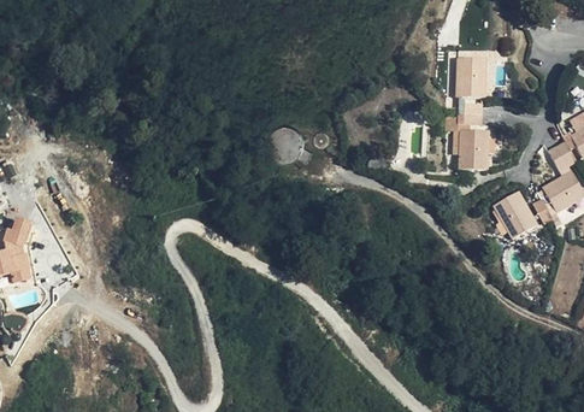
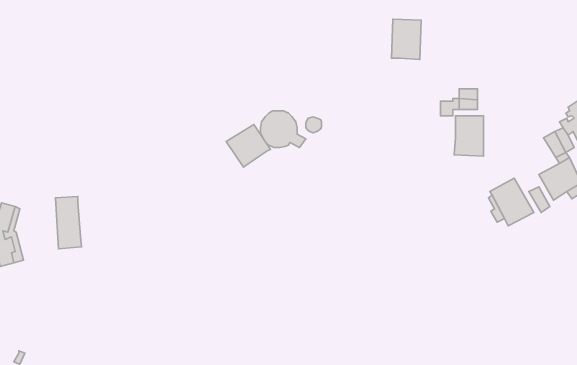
building: [456,57,485,96] -> [392,19,421,59]
building: none -> [226,124,270,167]
building: none -> [56,197,81,249]

